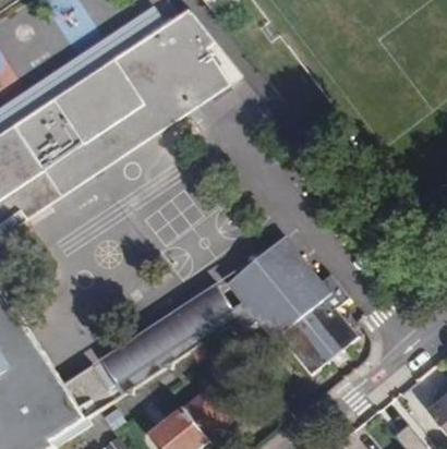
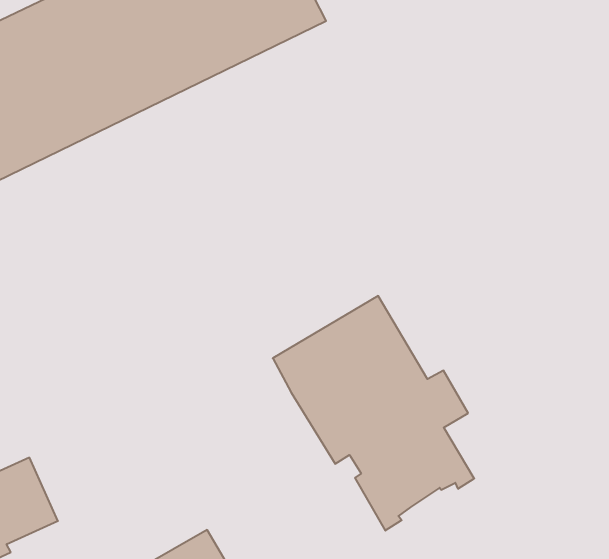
building: [98,283,255,395] -> none

